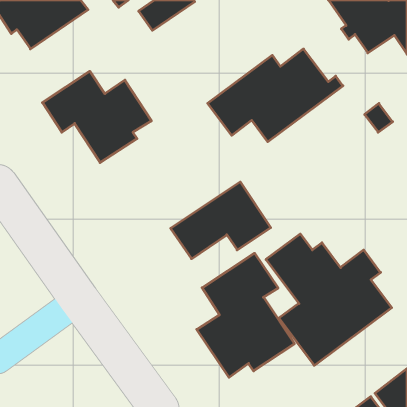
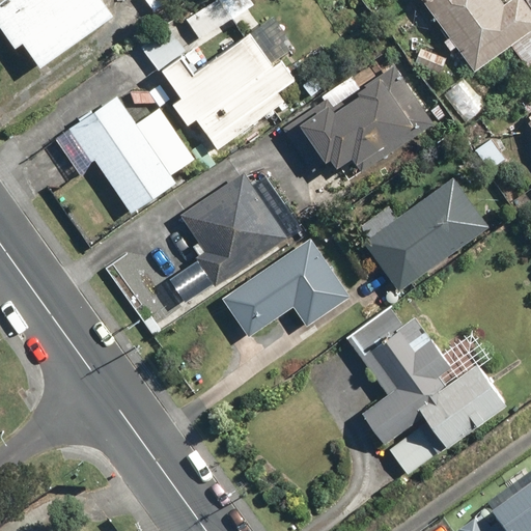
building: none -> [137,13,298,148]
building: none -> [178,171,302,288]
building: none -> [355,175,488,290]
building: [197,253,294,377] -> none

